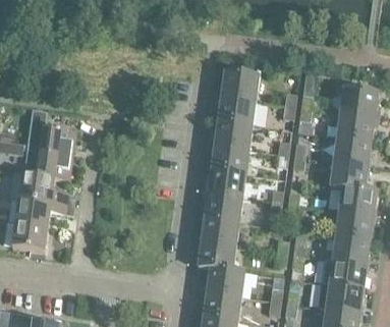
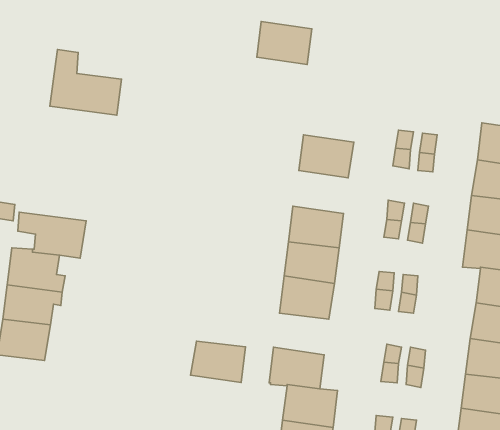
building: [221,71,259,101] -> [257,21,312,65]
building: [26,110,75,155] -> [50,50,121,115]
building: [214,120,252,150] -> none
building: [201,218,238,247] -> [191,341,246,383]

